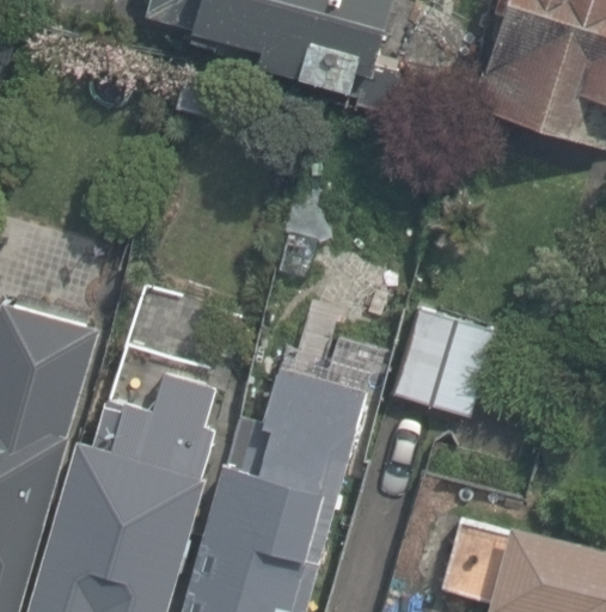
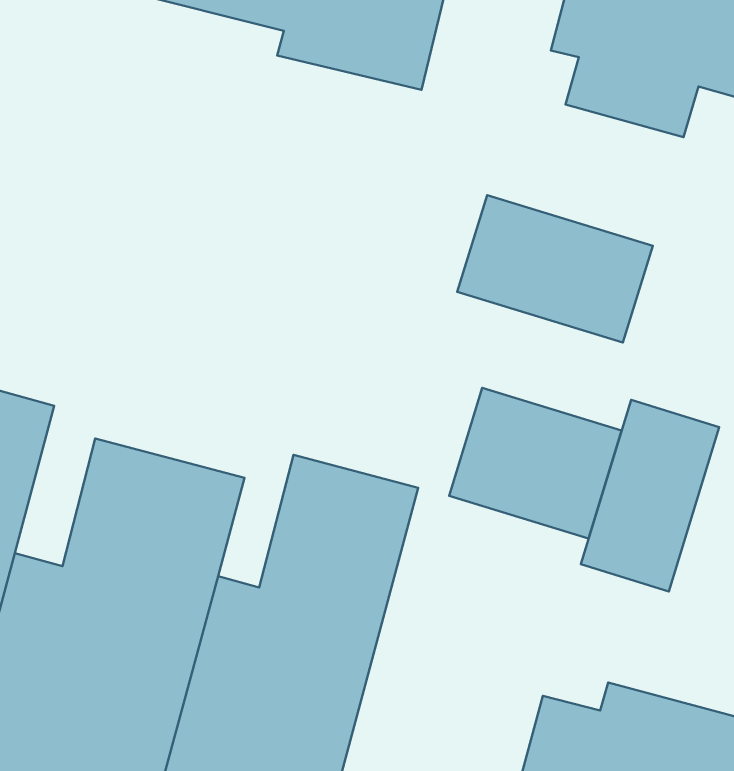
building: none -> [457,195,653,343]
building: none -> [581,400,719,591]

